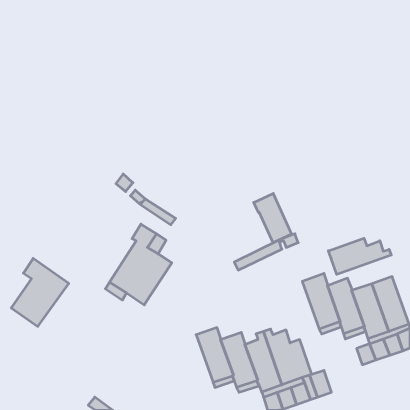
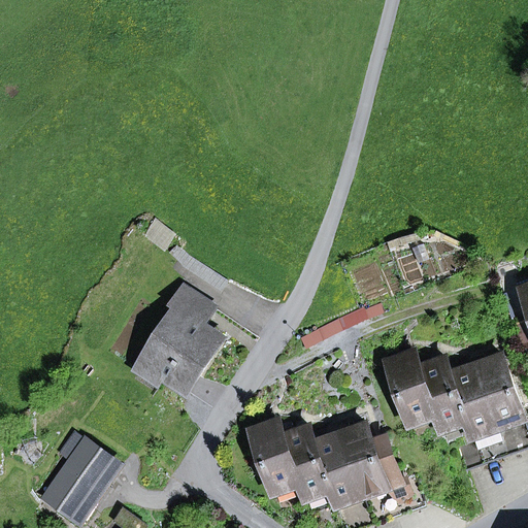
building: [254,193,291,243] -> none
building: [328,238,391,274] -> none
building: [11,258,69,326] -> [43,430,117,517]

